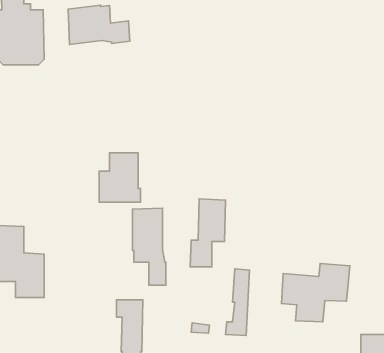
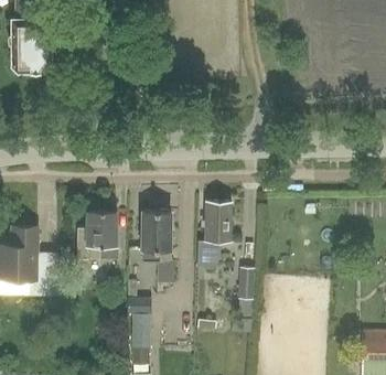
building: [68,5,130,44] -> none
building: [99,153,140,202] -> [77,210,117,257]
building: [281,263,350,322] -> none

